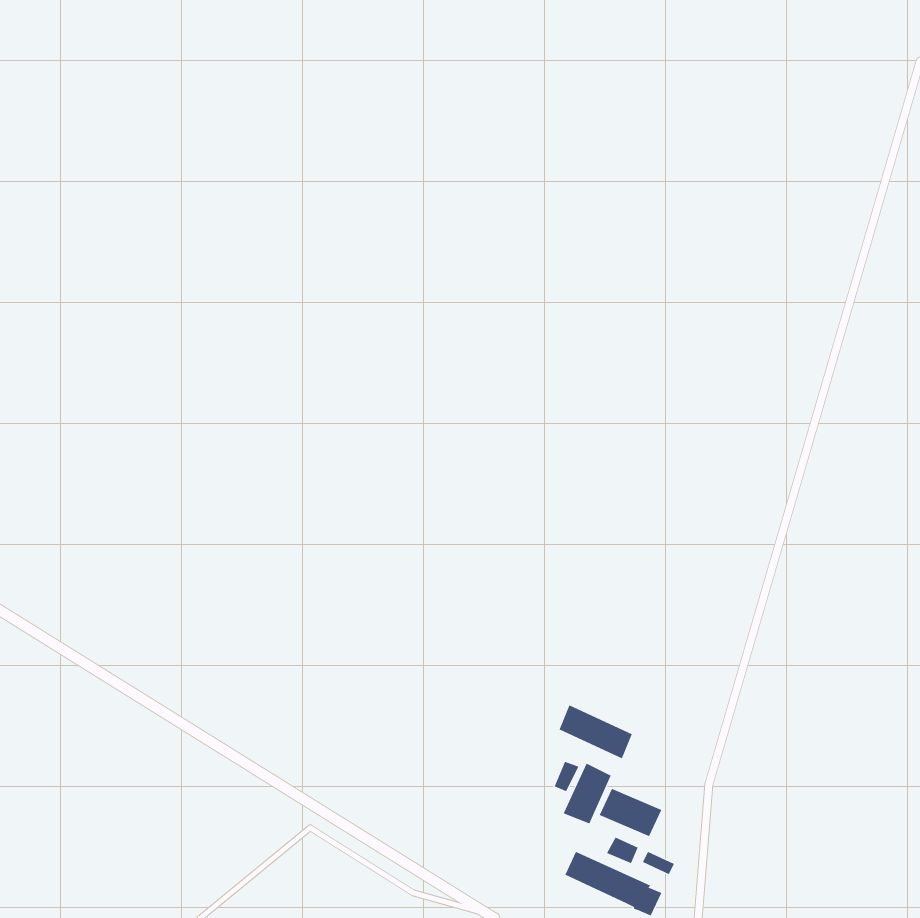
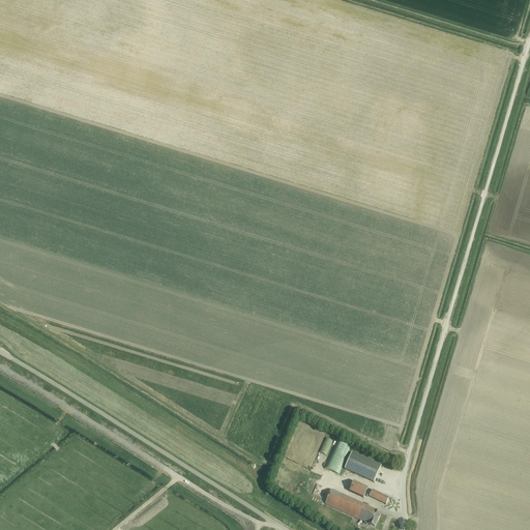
building: [559,704,633,759] -> none

